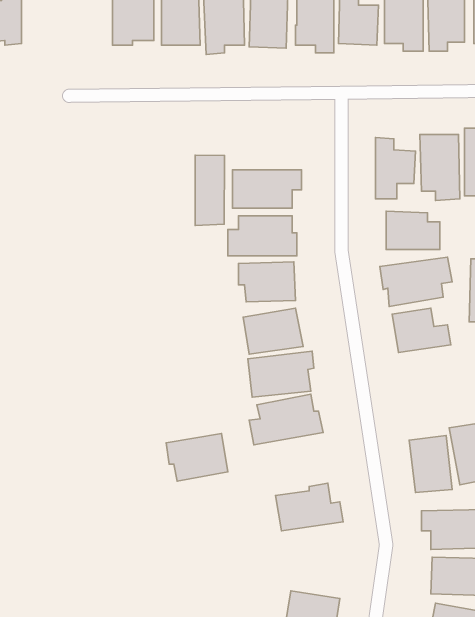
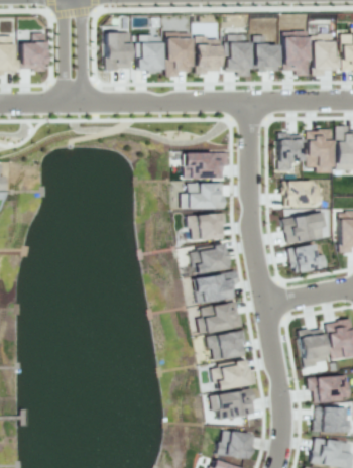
building: [195,155,224,226] -> none
building: [166,433,228,481] -> [208,330,248,361]
building: none -> [210,387,257,420]

